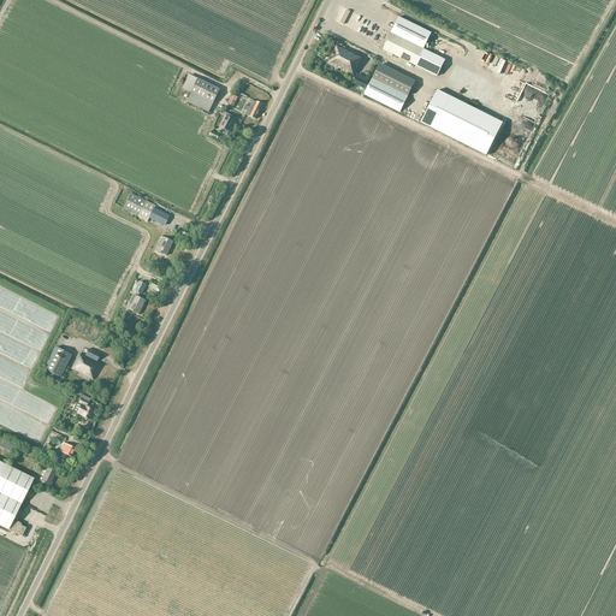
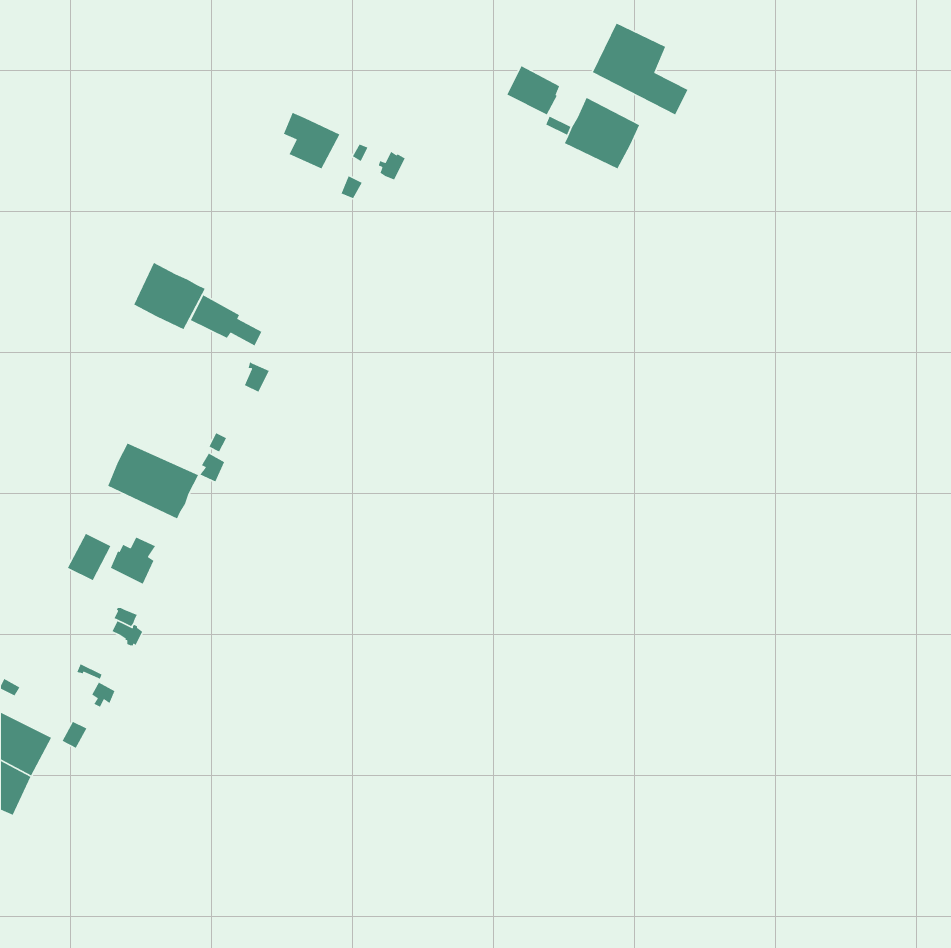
building: [421,88,503,154] -> none
building: none -> [133,262,206,330]
building: none -> [107,443,199,520]

